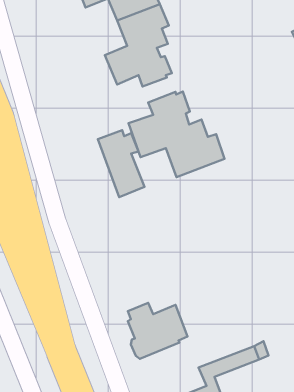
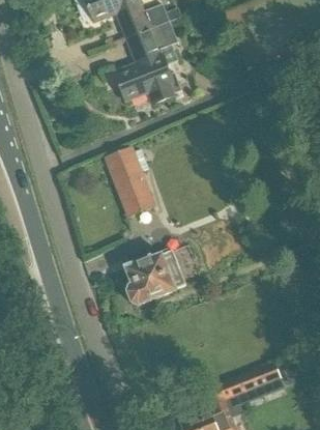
building: [129,92,224,177] -> none
building: [128,303,188,359] -> [124,249,185,306]

